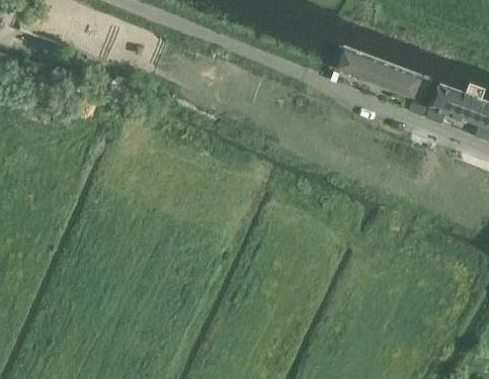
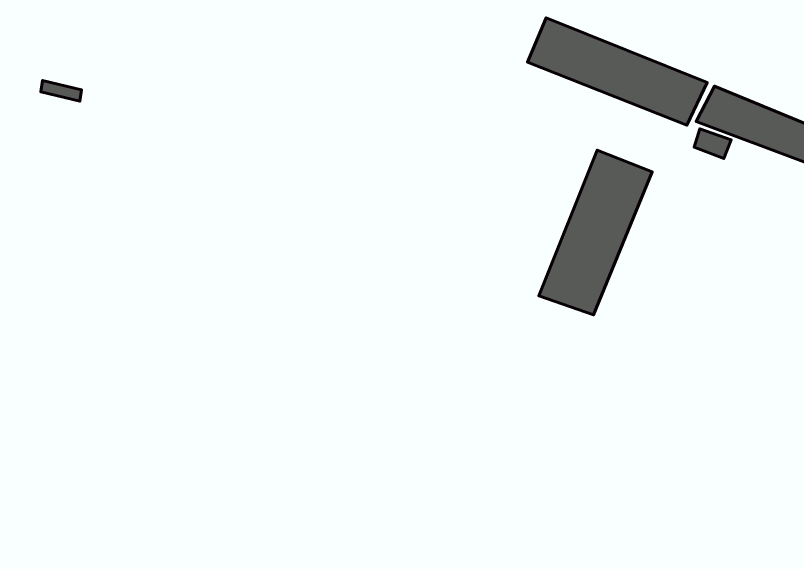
building: none -> [539,150,652,315]

